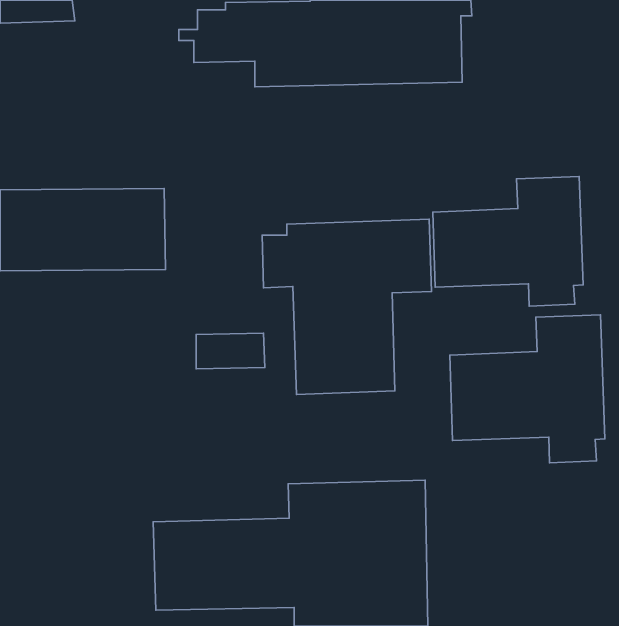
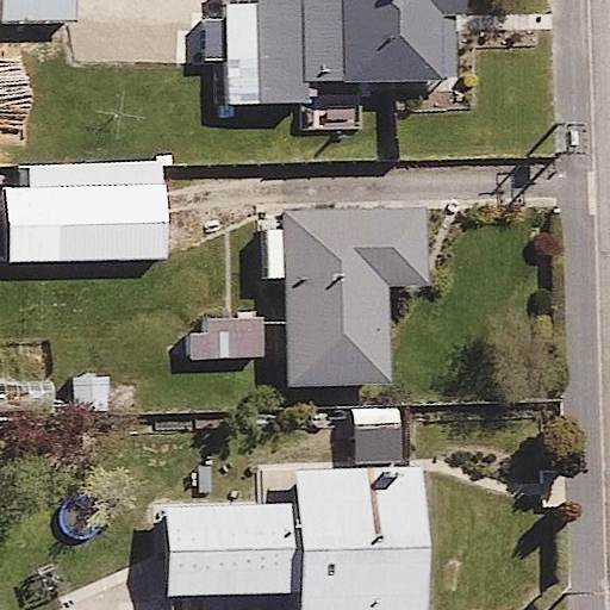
building: [433,177,583,306] -> none
building: [450,315,605,463] -> none

